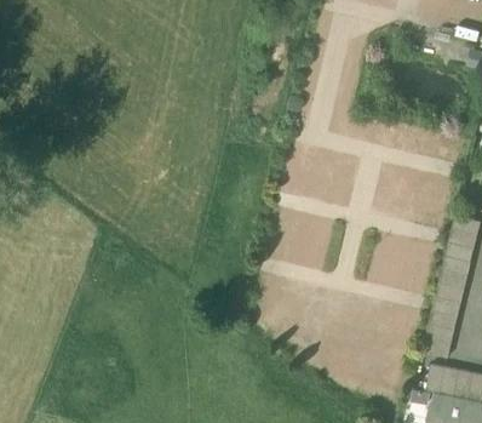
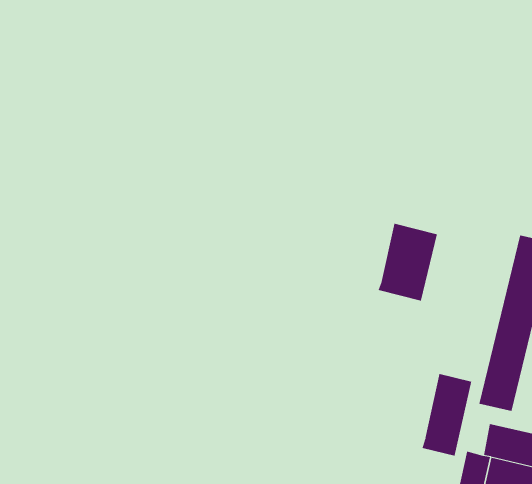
building: none -> [378,223,438,301]
building: none -> [422,373,472,457]

